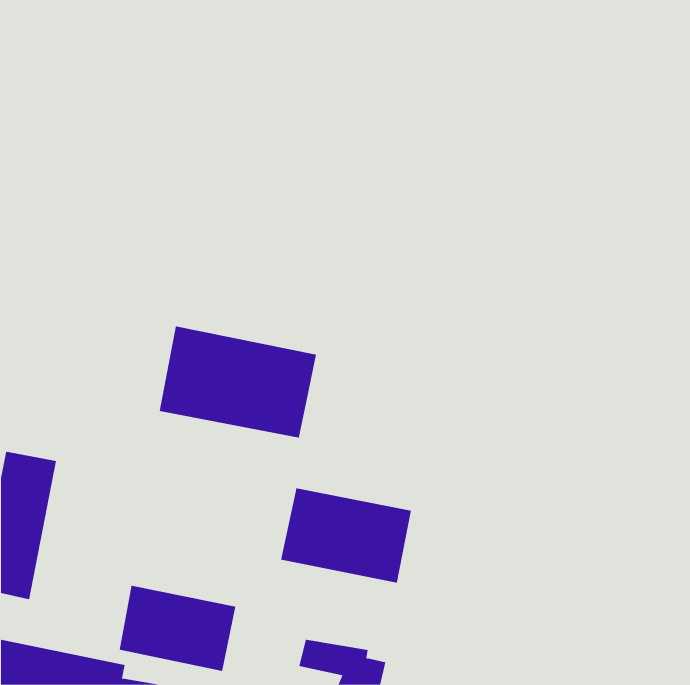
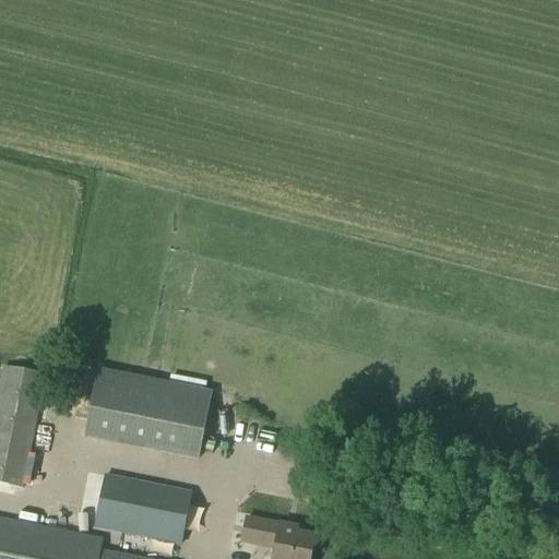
building: [159,326,317,438] -> [84,366,212,456]
building: [280,488,411,584] -> none

